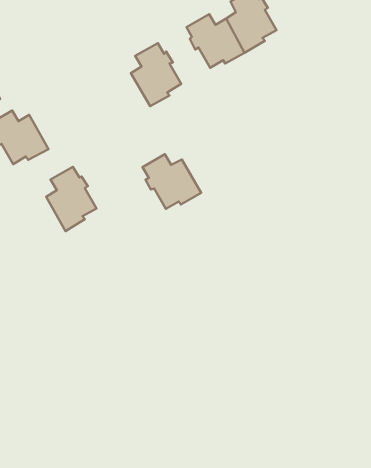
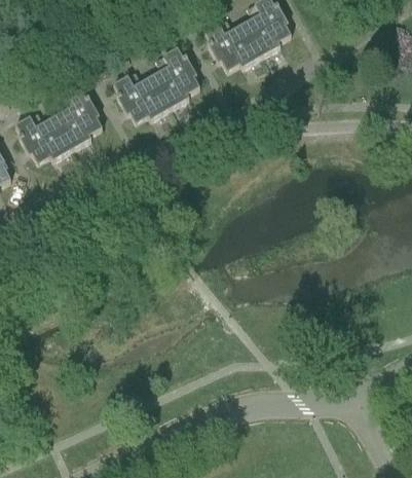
building: [142,154,201,209] -> [113,70,170,122]
building: [46,167,97,231] -> [53,86,102,148]

